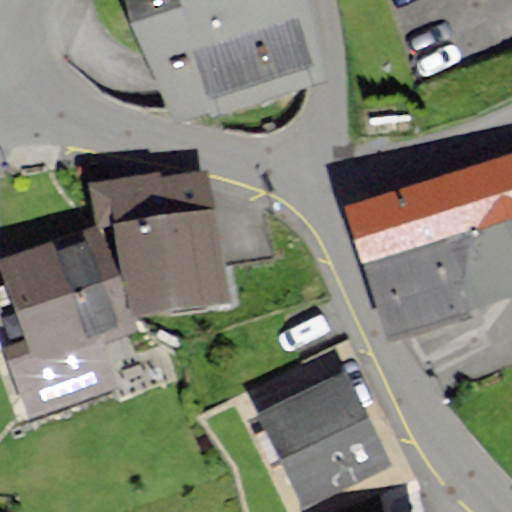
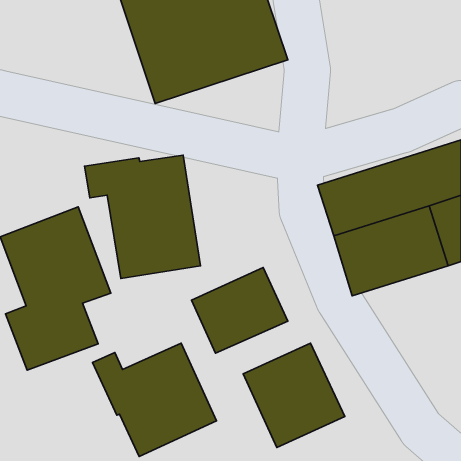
building: none -> [192,268,288,353]
building: none -> [92,343,216,456]

